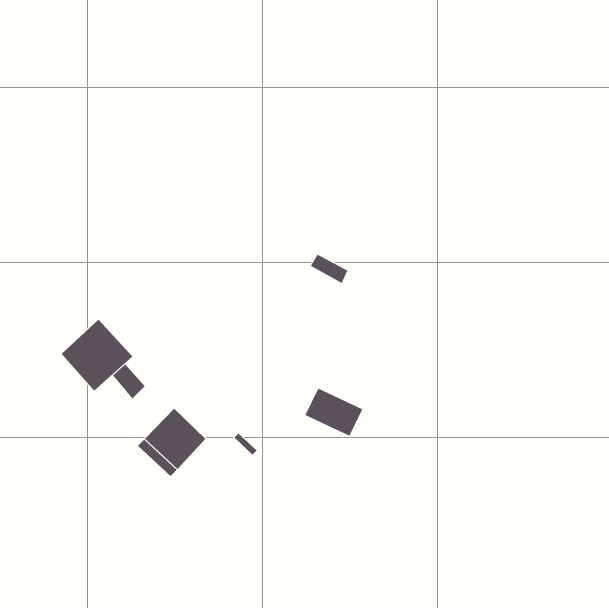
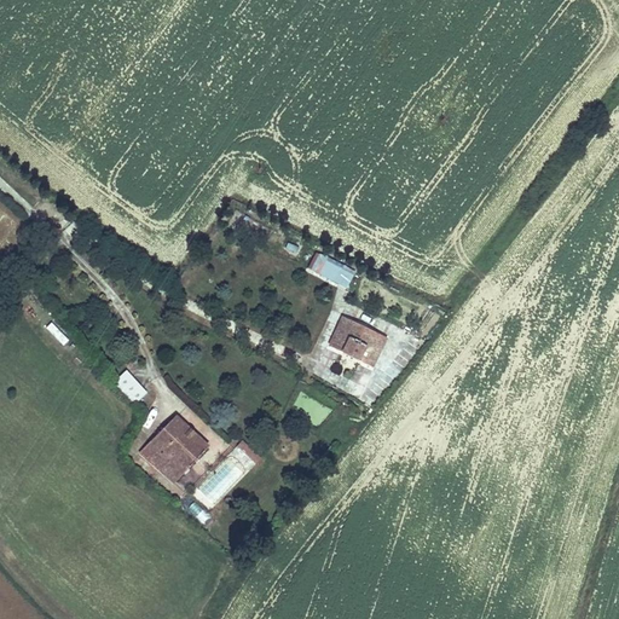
building: [61,319,133,391] -> none
building: [305,388,363,437] -> [329,316,388,365]

